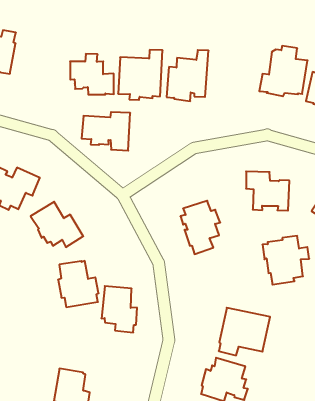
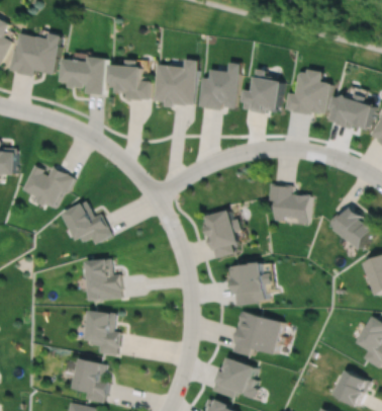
building: none -> [243,71,284,115]
building: [82,112,130,151] -> [58,59,105,96]
building: [262,236,309,285] -> [229,260,273,305]
building: [101,286,137,332] -> [86,309,120,354]

